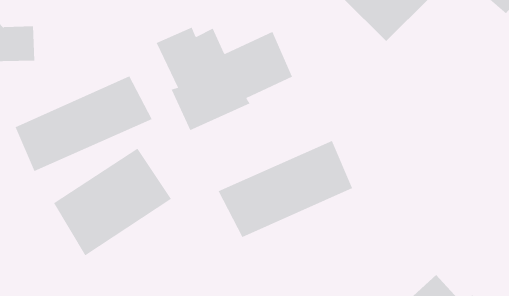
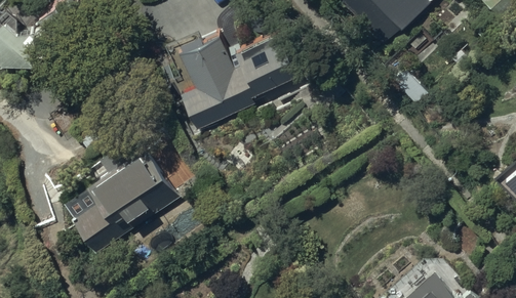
building: [15,75,153,172] -> none
building: [218,140,353,238] -> none

